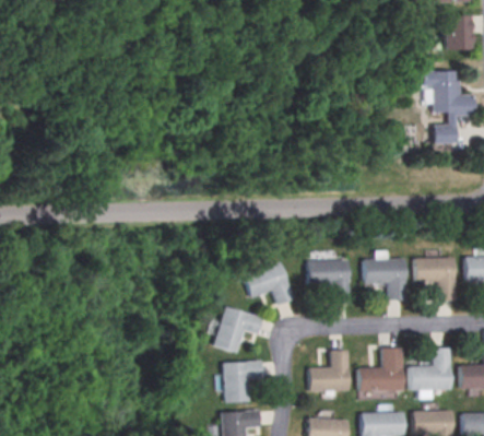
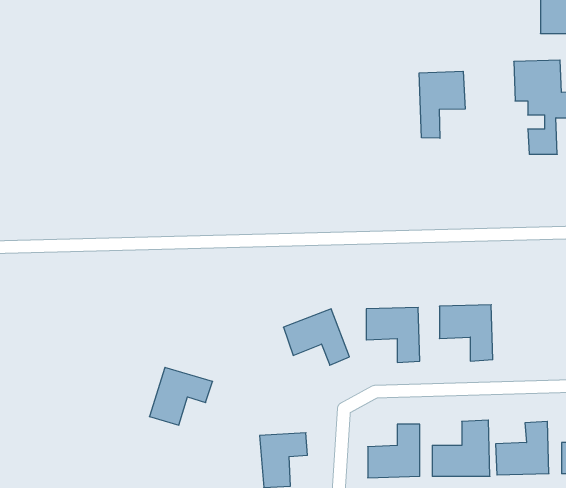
building: none -> [419,71,465,138]
building: [414,259,456,302] -> none
building: [214,308,263,353] -> [149,367,213,425]

